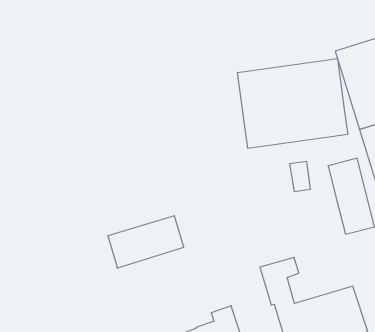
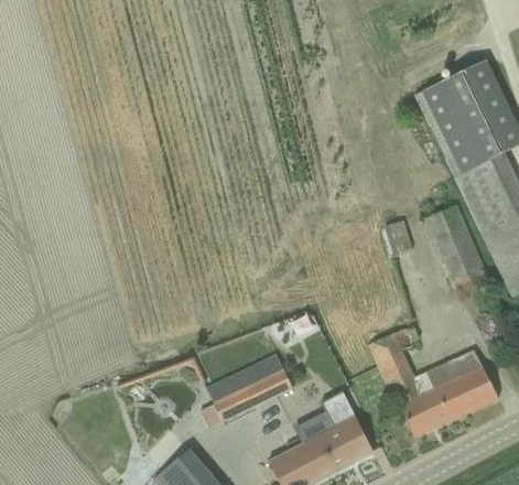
building: [238,58,348,148] -> none
building: [108,216,184,268] -> [207,355,293,422]

